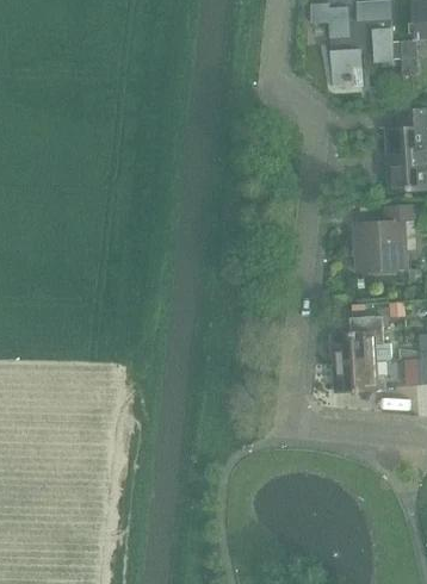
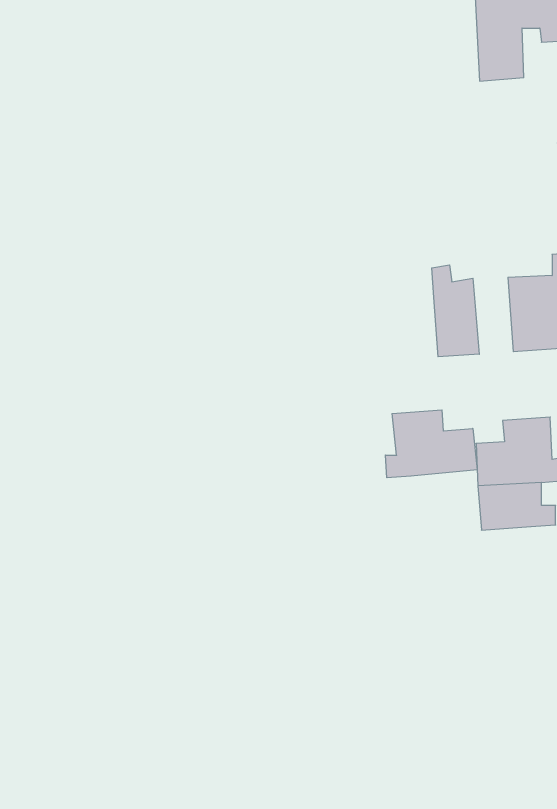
building: none -> [432,265,479,357]
building: none -> [385,410,477,478]

